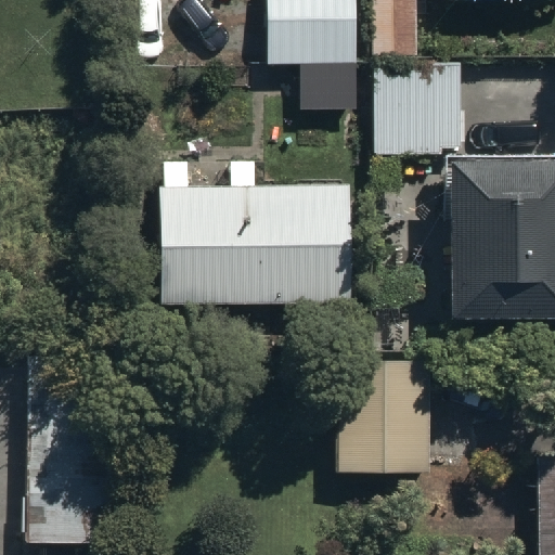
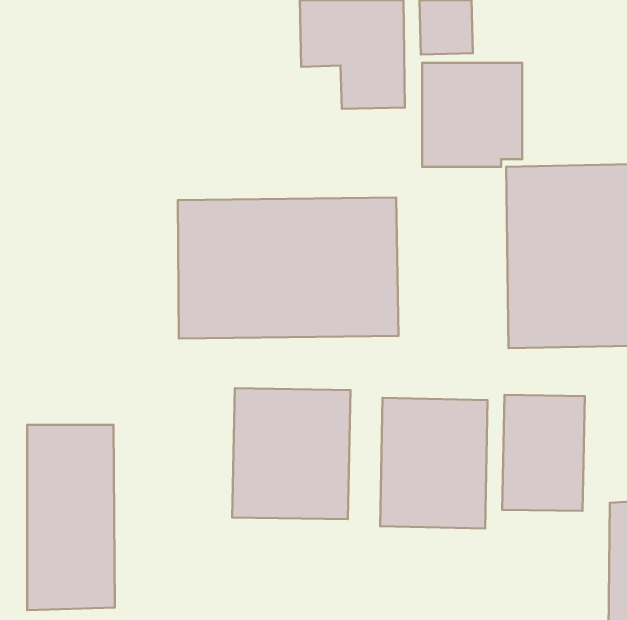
building: none -> [232,388,350,519]
building: none -> [502,395,585,511]

